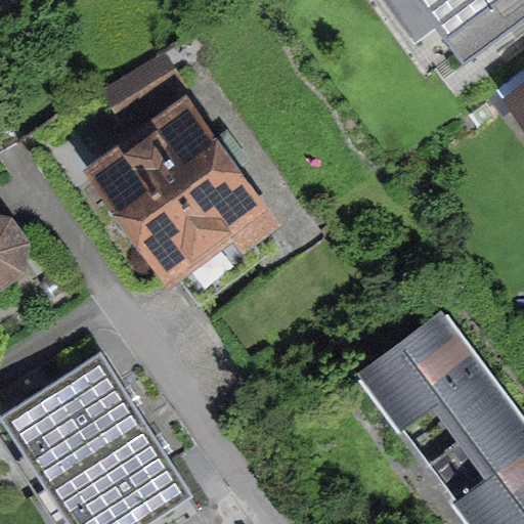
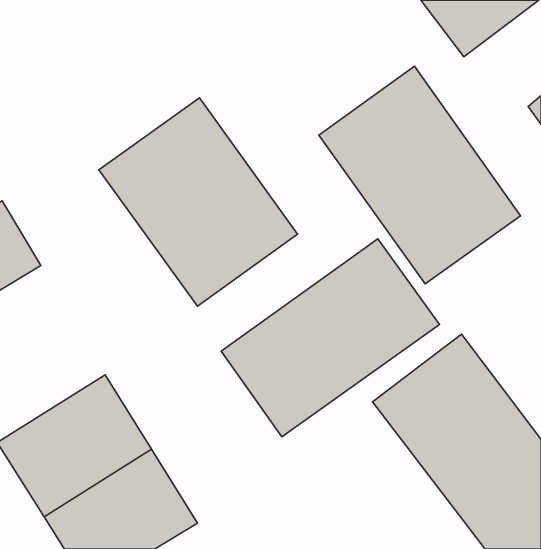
building: none -> [319,66,520,284]
building: none -> [221,239,440,437]

